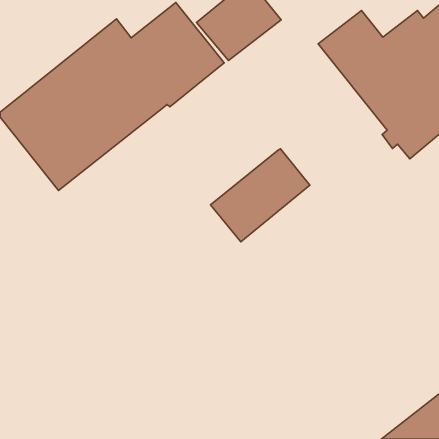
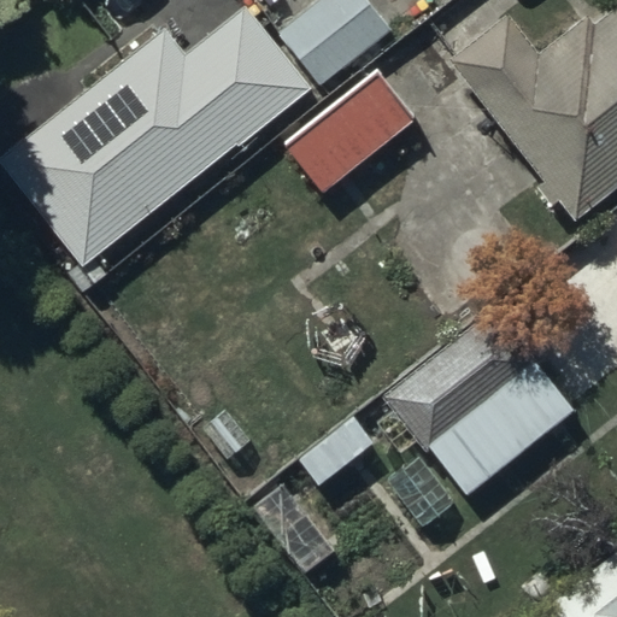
building: [210,149,310,242] -> [282,65,421,195]
building: none -> [384,306,576,496]

